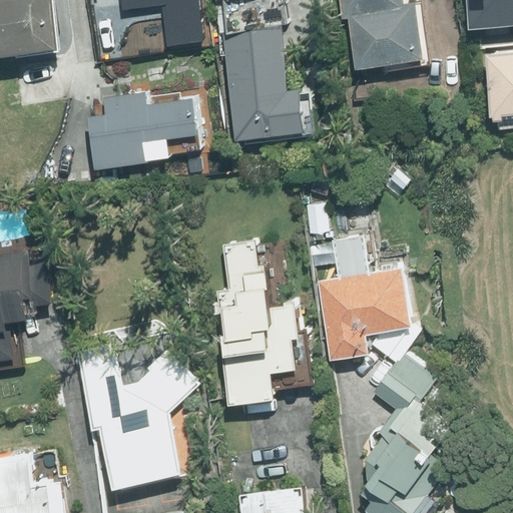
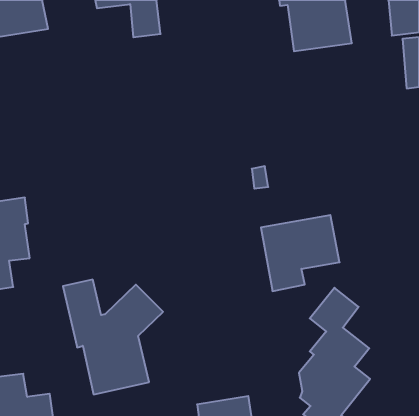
building: [222,27,305,137] -> none
building: [94,91,194,165] -> none
building: [218,243,299,403] -> none

